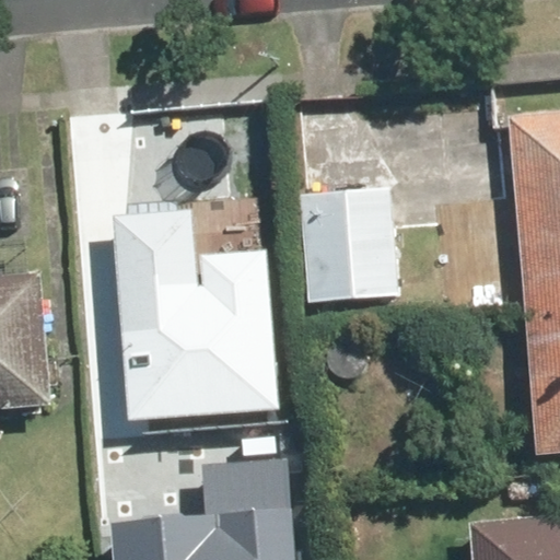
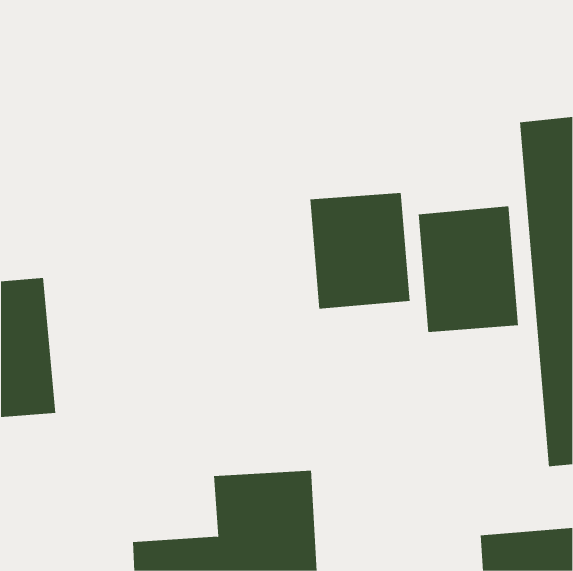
building: none -> [418,206,519,333]
building: [117,210,280,420] -> none

